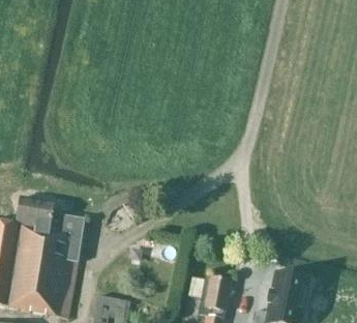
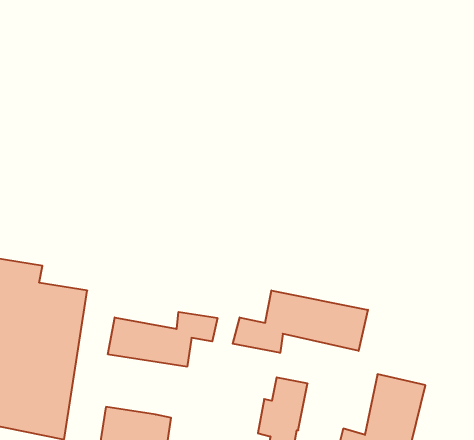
building: none -> [233,290,368,353]
building: none -> [108,312,217,367]

